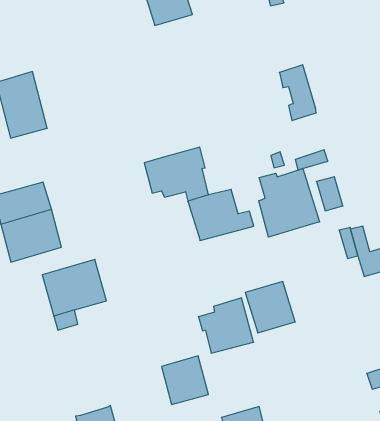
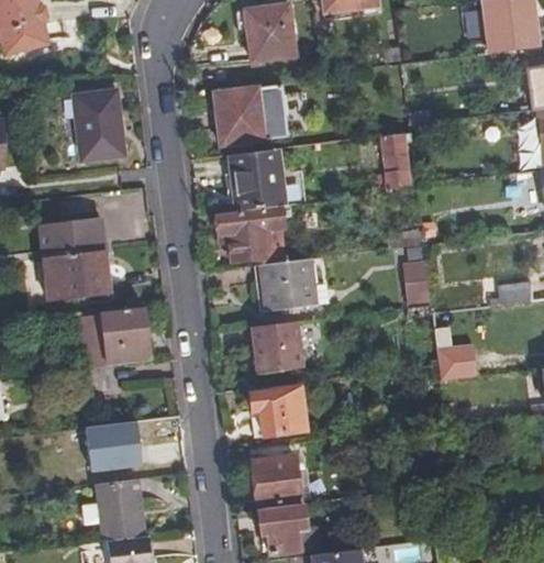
building: none -> [215,86,290,144]
building: none -> [236,147,284,209]
building: [259,168,320,237] -> none
building: [245,282,295,333] -> [253,319,303,372]
building: [162,356,208,404] -> [252,453,299,503]
building: none -> [86,422,141,472]

